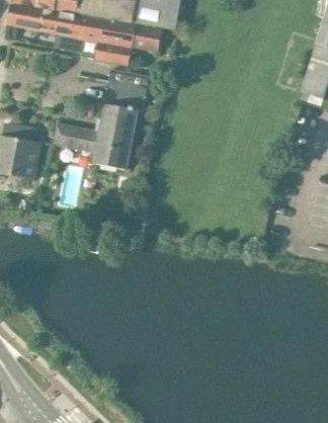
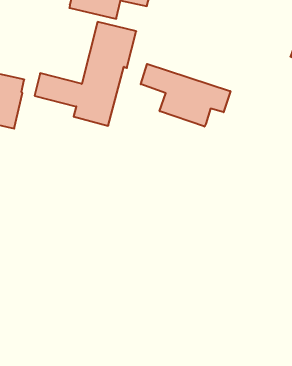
building: none -> [141,64,230,127]

